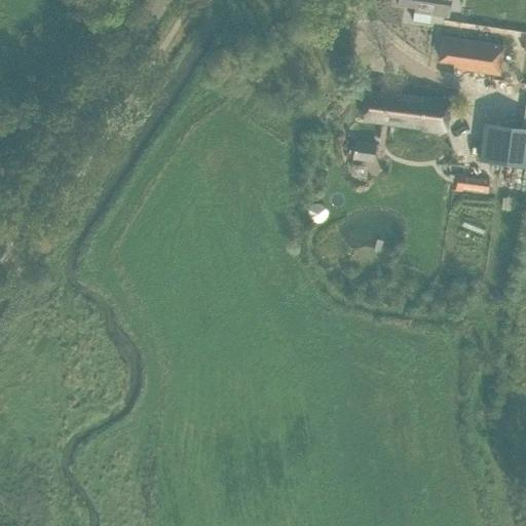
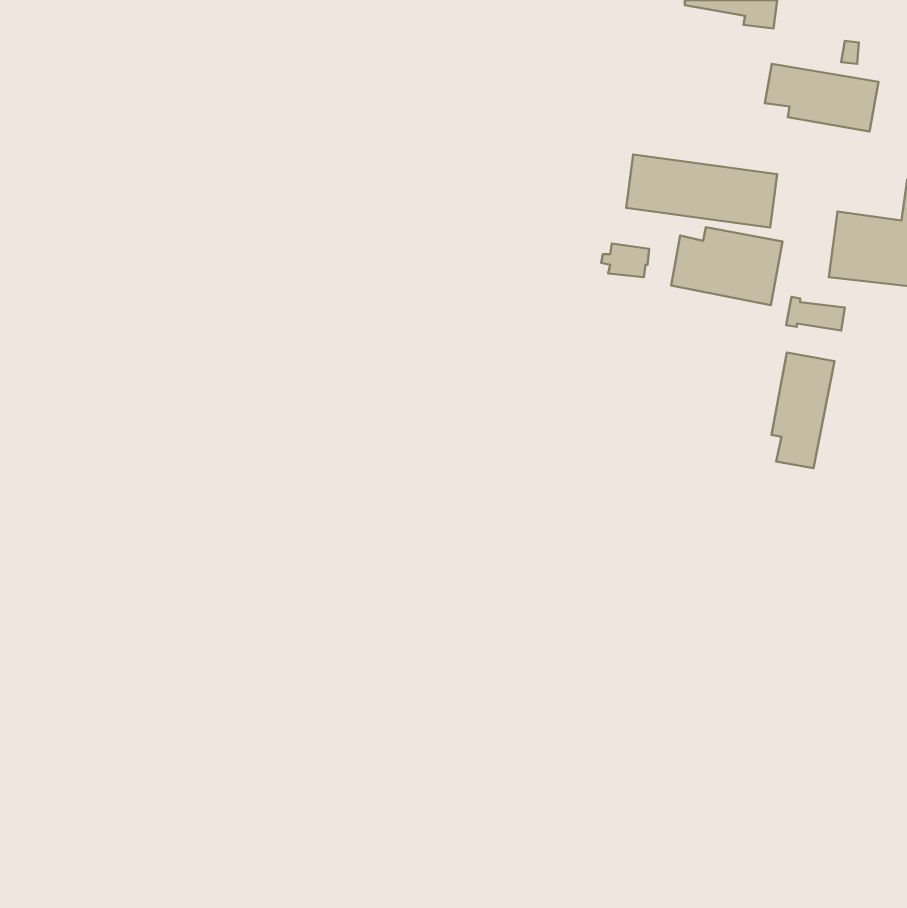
building: none -> [671,227,783,305]
building: none -> [771,353,834,468]

